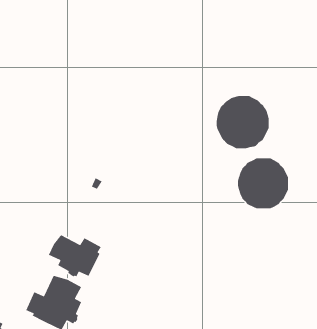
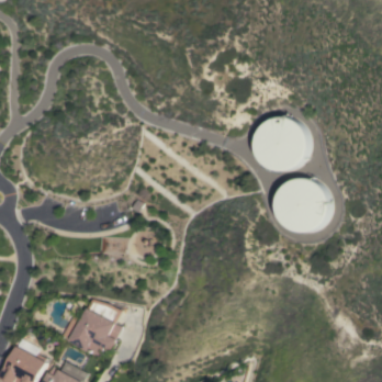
building: [48,234,102,278] -> none

